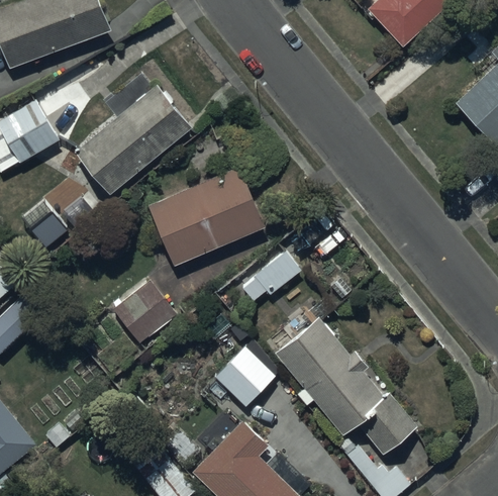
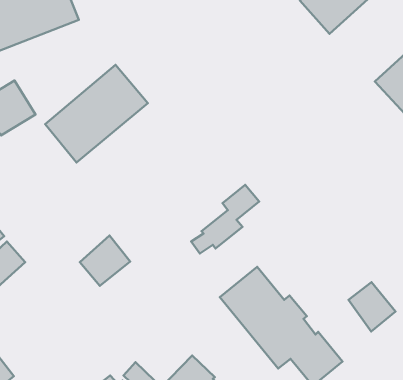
building: [146,168,264,268] -> none
building: none -> [348,282,396,331]
building: [215,346,277,408] -> none

